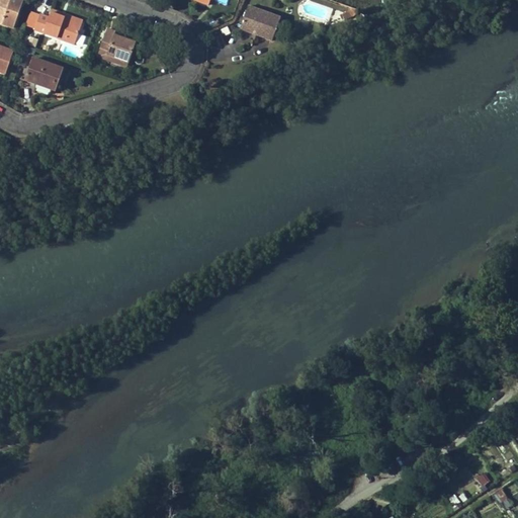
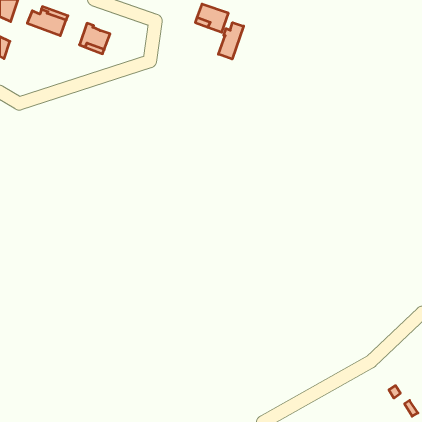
building: none -> [218,23,244,59]
building: [24,57,63,89] -> none

